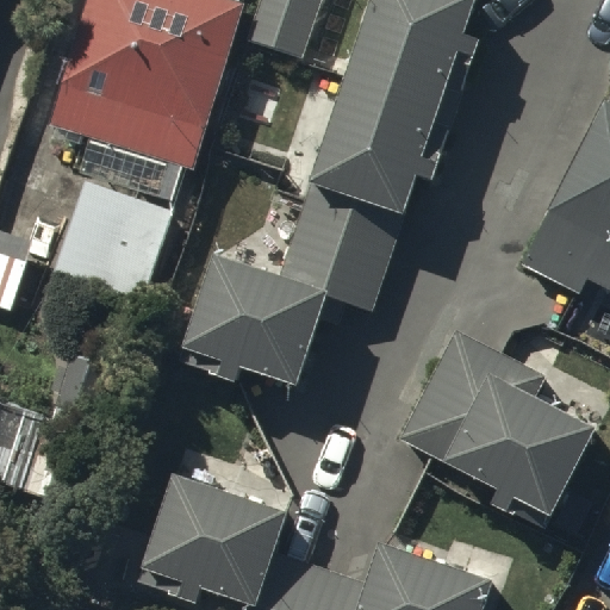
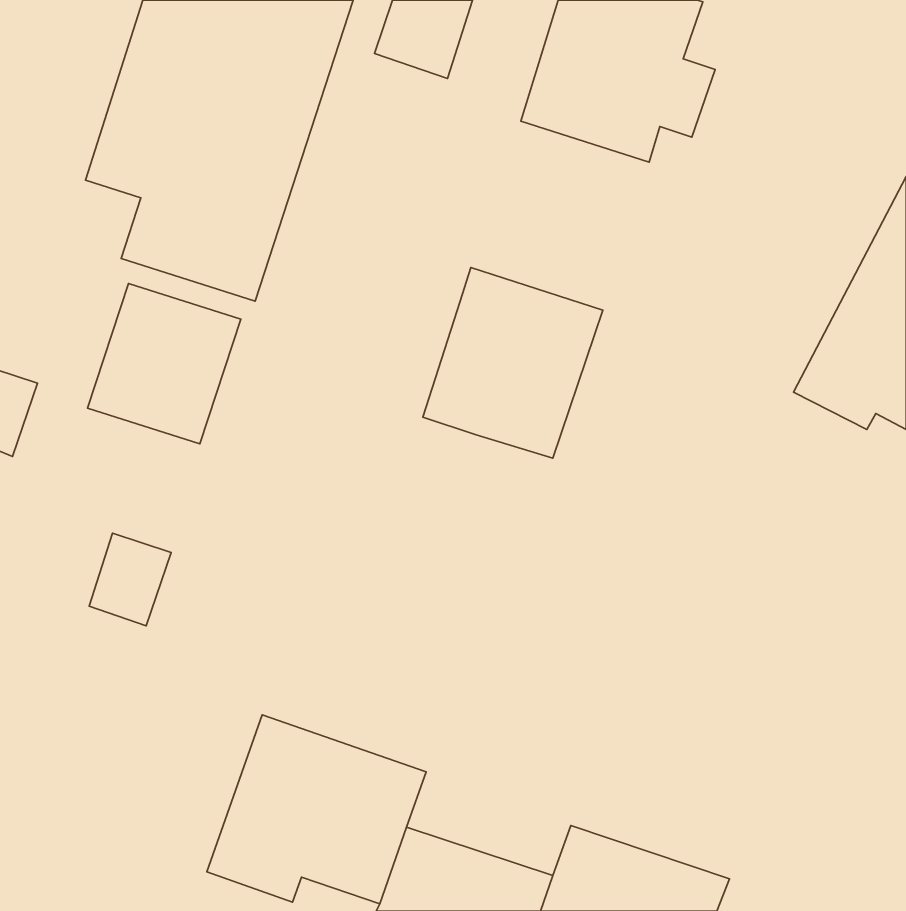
building: [315,81,449,207] -> none
building: [180,256,318,379] -> none
building: [404,336,591,527] -> none

